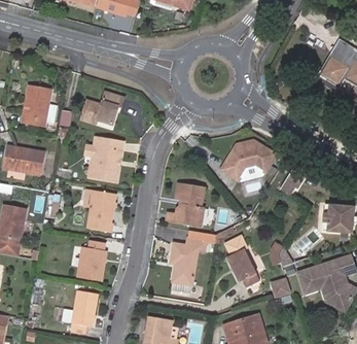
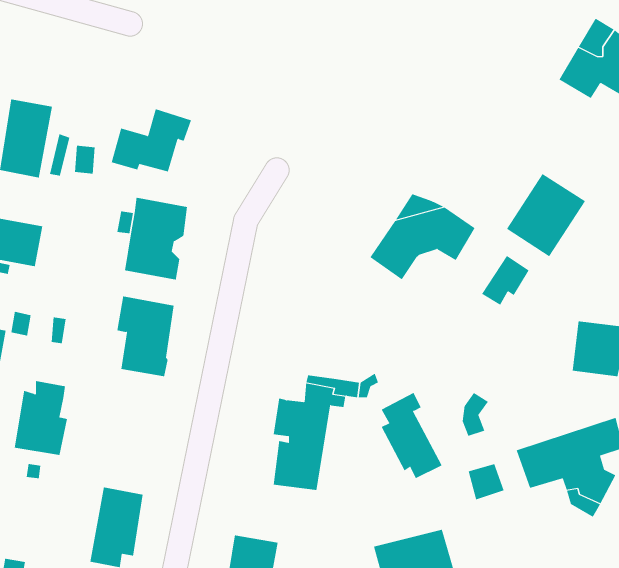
building: none -> [506,173,586,257]
building: [165,183,205,227] -> none
building: [76,241,105,281] -> [14,380,68,456]

